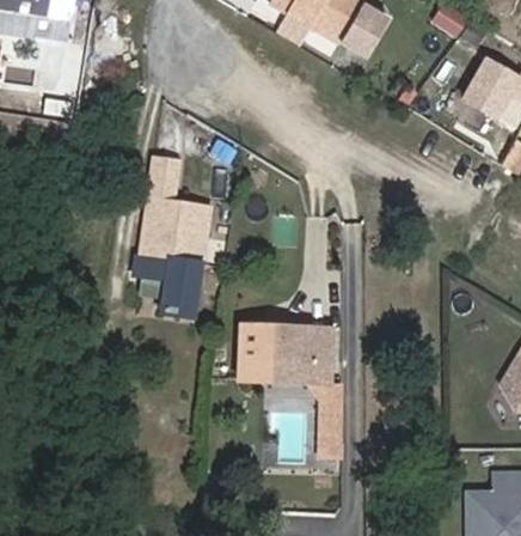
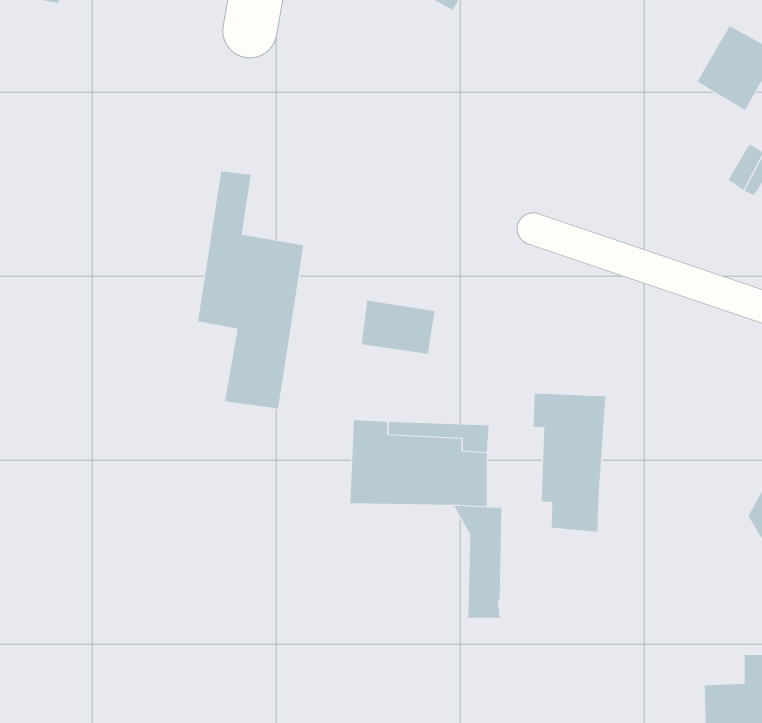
building: none -> [361,300,435,354]
building: none -> [533,393,606,533]

